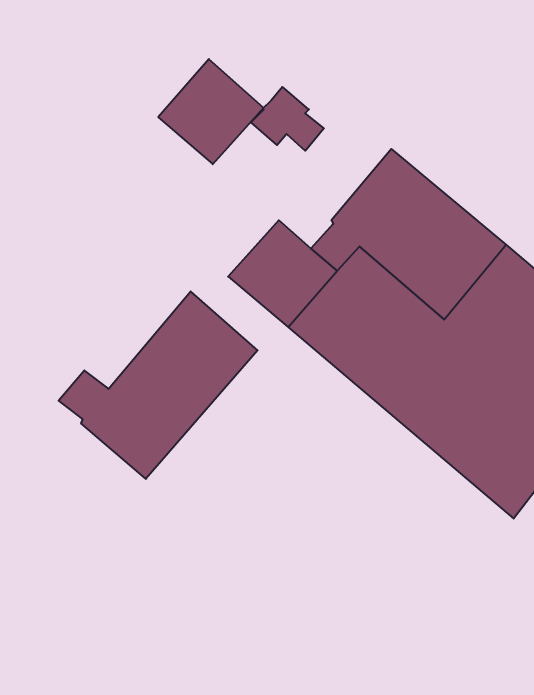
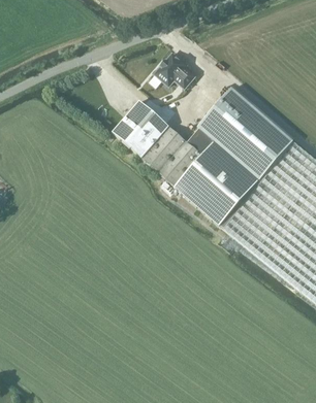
building: [158,59,263,164] -> [112,100,169,158]
building: [59,291,258,479] -> none

